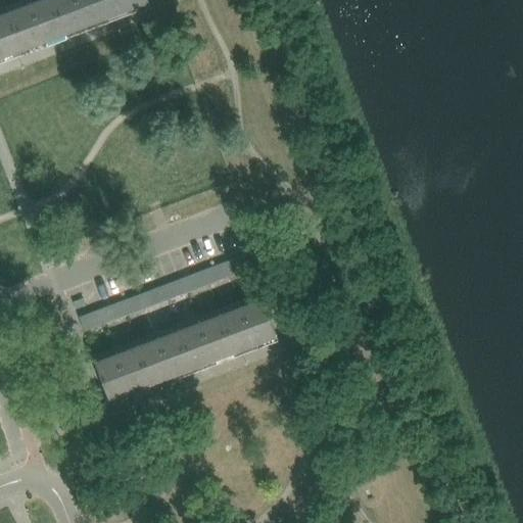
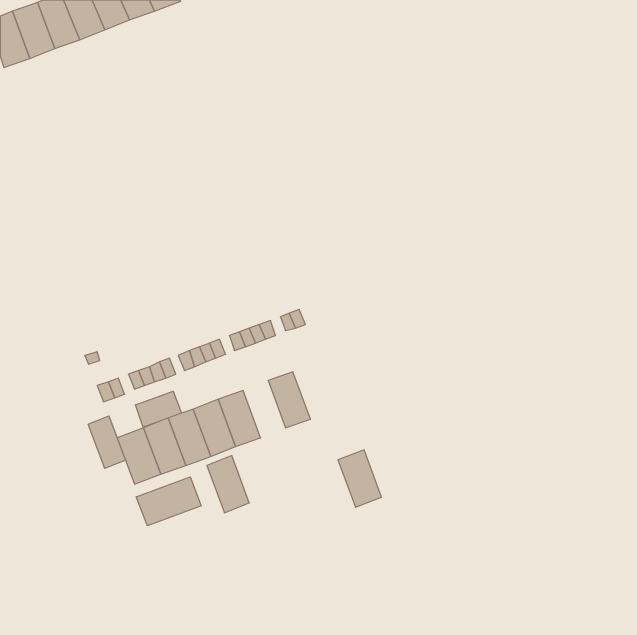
building: [240,298,276,345] -> [338,450,382,507]
building: [199,314,234,361] -> [207,456,249,513]
building: none -> [135,391,182,427]
building: none -> [88,416,126,468]
building: none -> [136,477,201,526]

